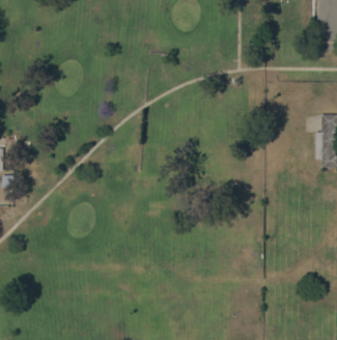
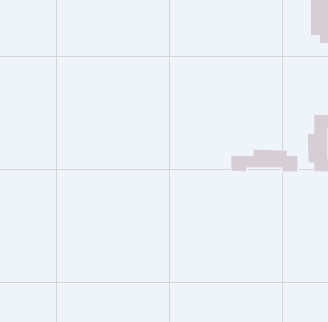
building: none -> [231,149,298,172]

